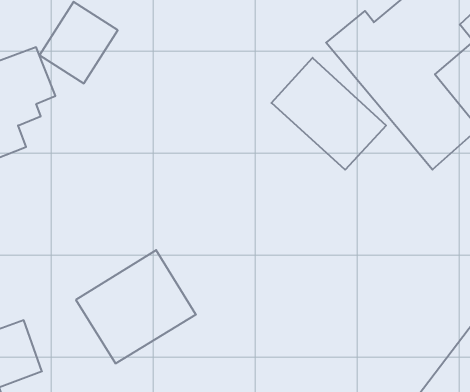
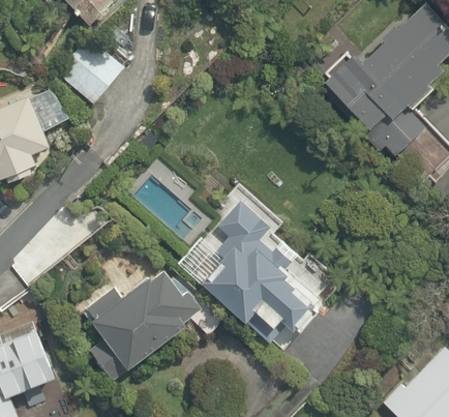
building: [271,58,386,170] -> none
building: none -> [203,191,341,338]

